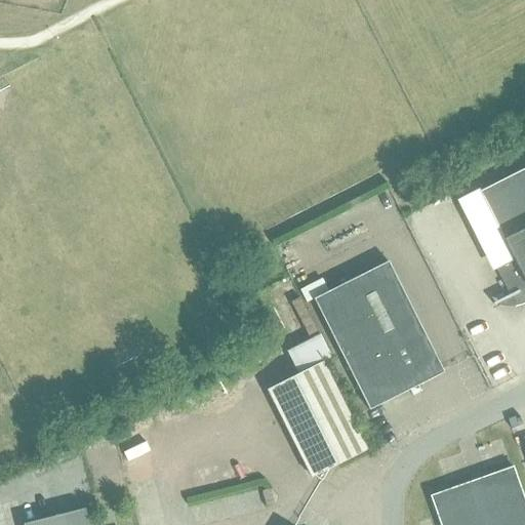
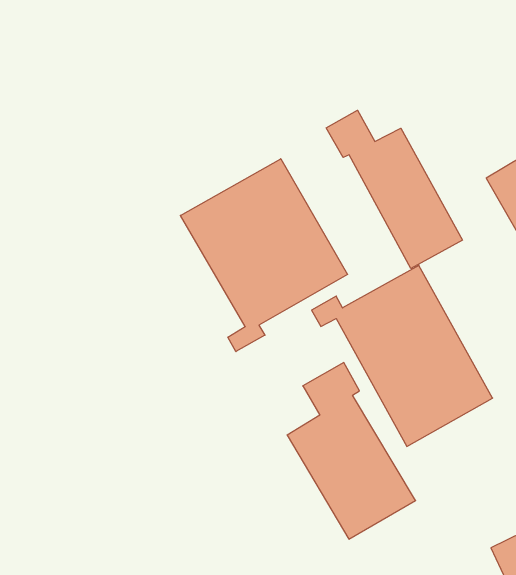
building: none -> [326,110,462,268]
building: none -> [180,159,348,352]

